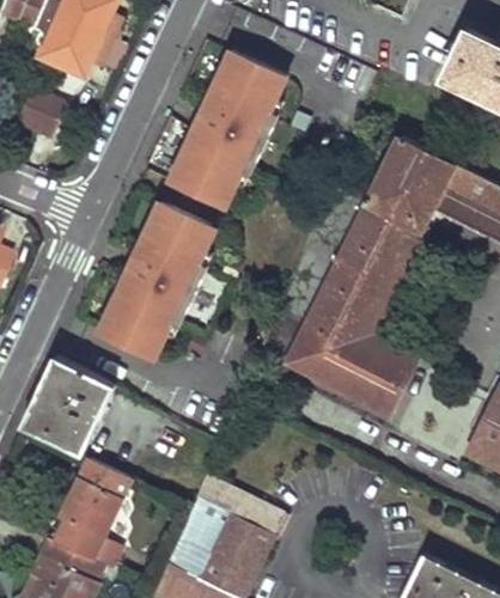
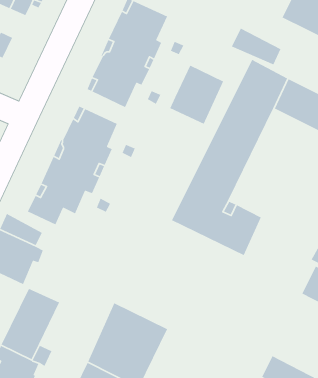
building: none -> [231,27,282,66]
building: none -> [169,65,224,125]

